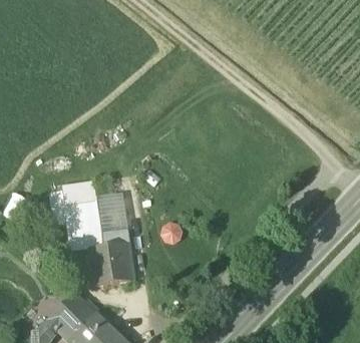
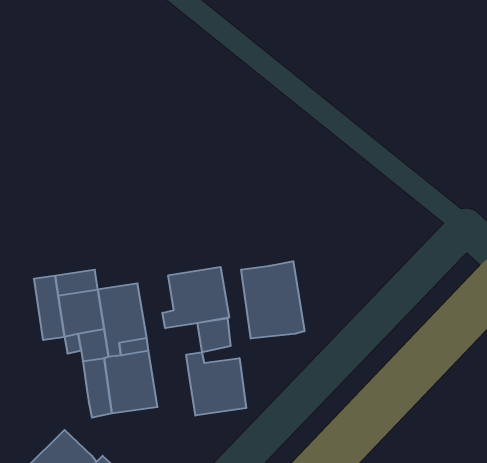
building: none -> [241,261,304,339]
building: none -> [162,267,229,328]
building: none -> [186,352,246,416]

